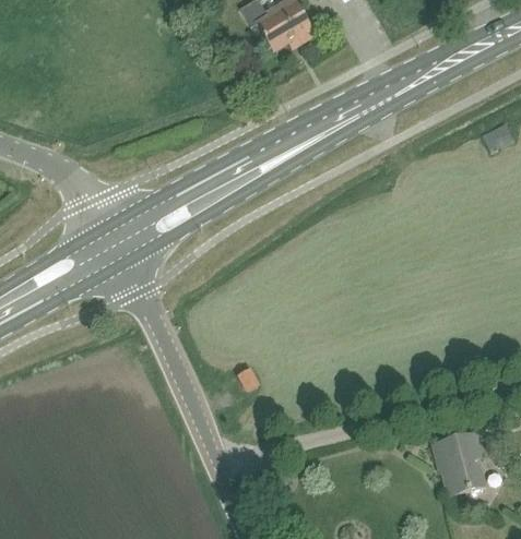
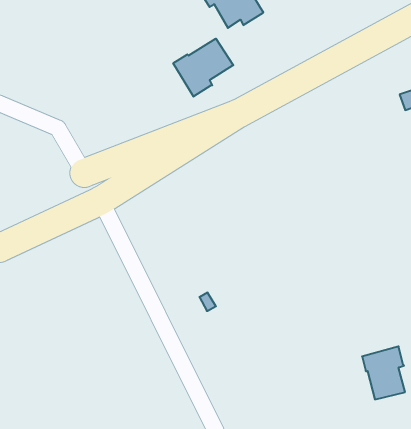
building: none -> [173,39,233,97]

